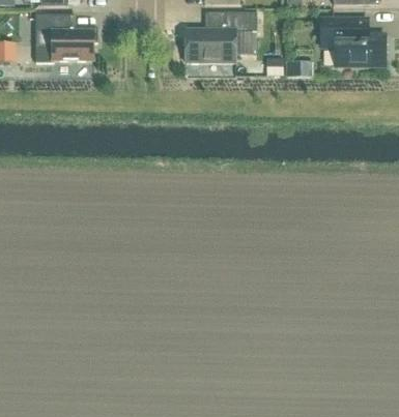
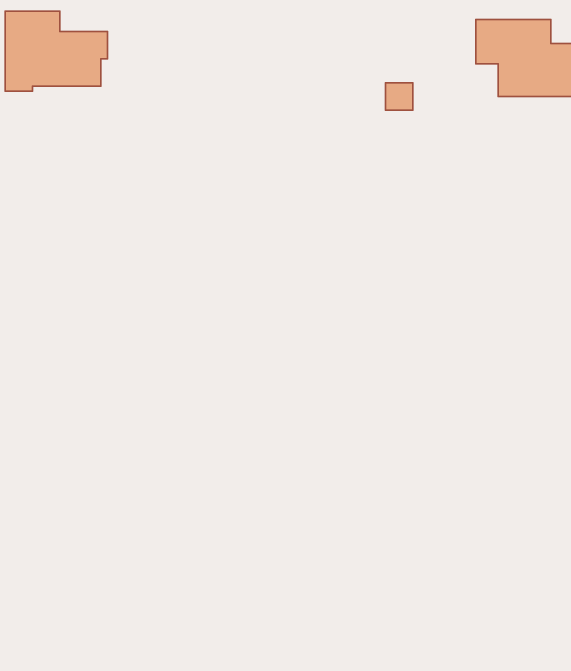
building: [183,11,256,61] -> none

